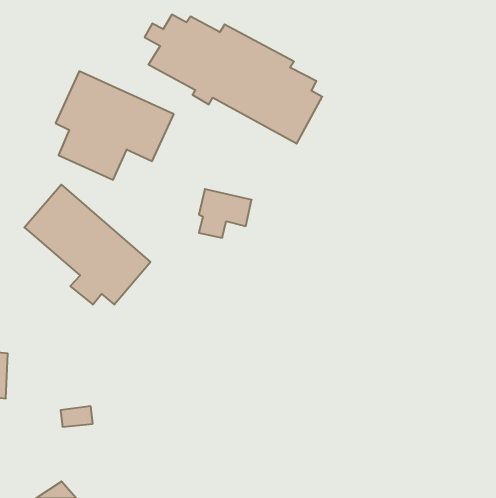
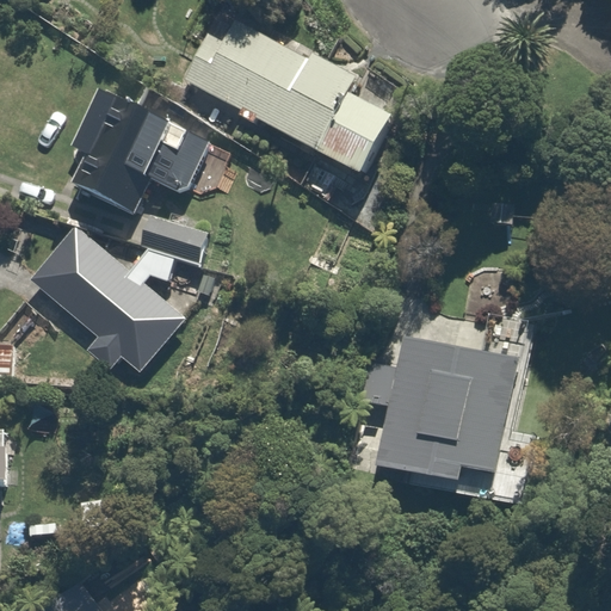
building: [199,189,252,238] -> [141,218,205,278]
building: none -> [356,338,520,498]

